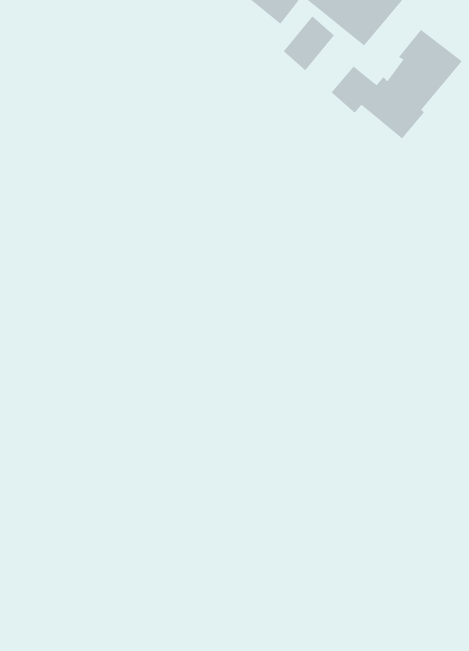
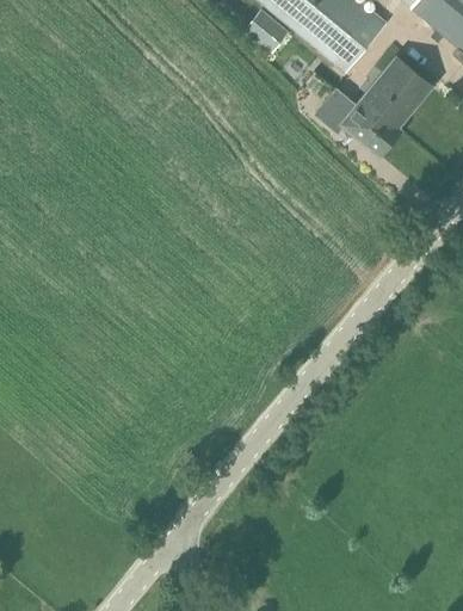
building: [283,15,335,71] -> none

